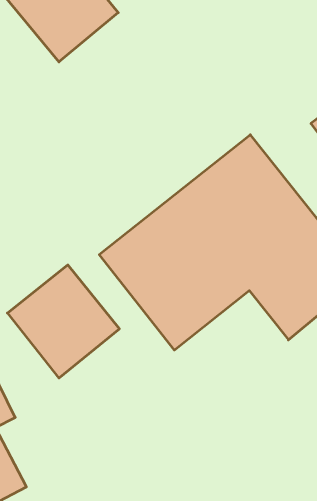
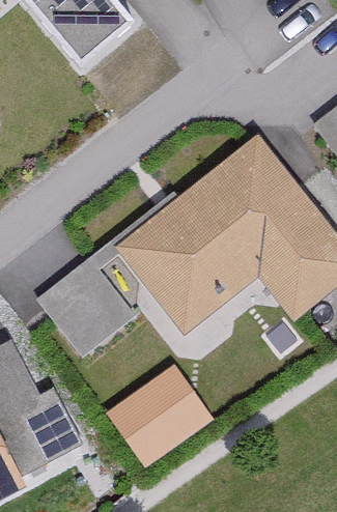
building: none -> [111,351,222,455]

